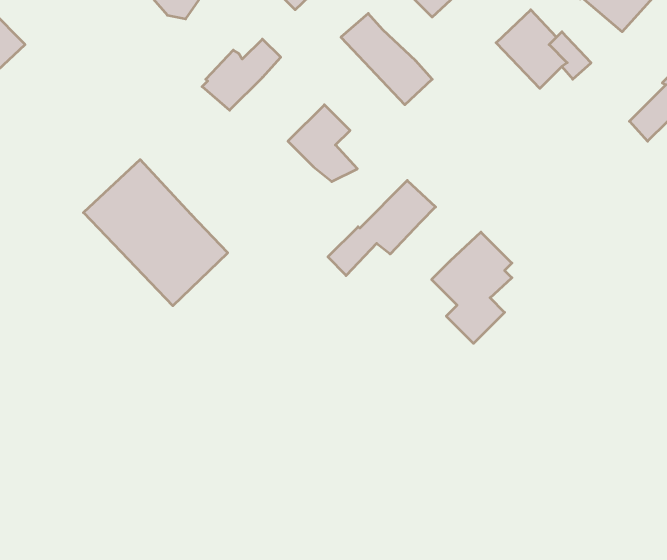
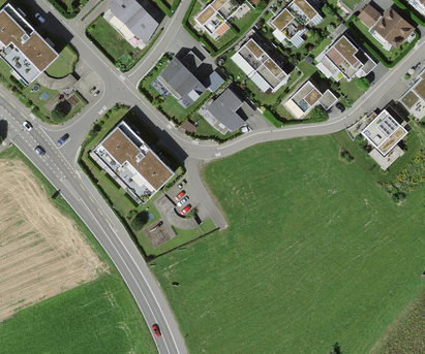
building: none -> [173,71,224,106]
building: none -> [290,81,337,112]
building: [328,180,436,276] -> none
building: [432,232,512,343] -> [361,106,406,169]

